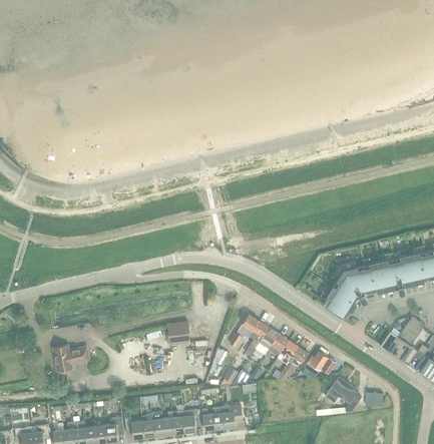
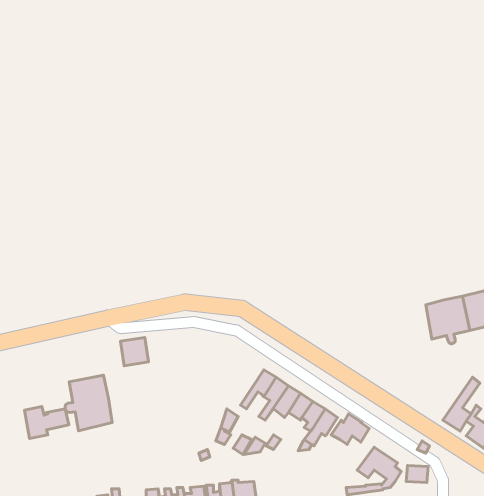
building: [324,261,386,315] -> none
building: [380,316,419,355] -> none
building: none -> [65,375,112,431]
building: [167,321,190,344] -> [120,337,149,366]

